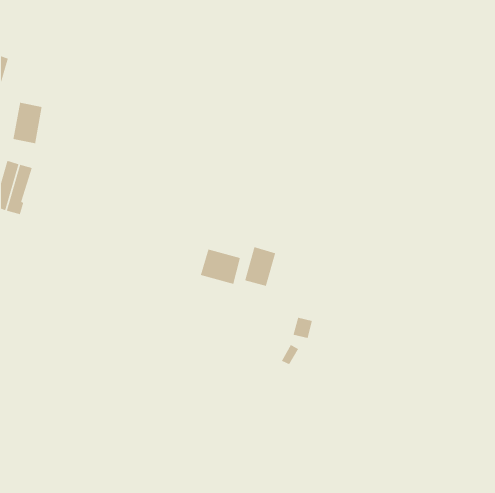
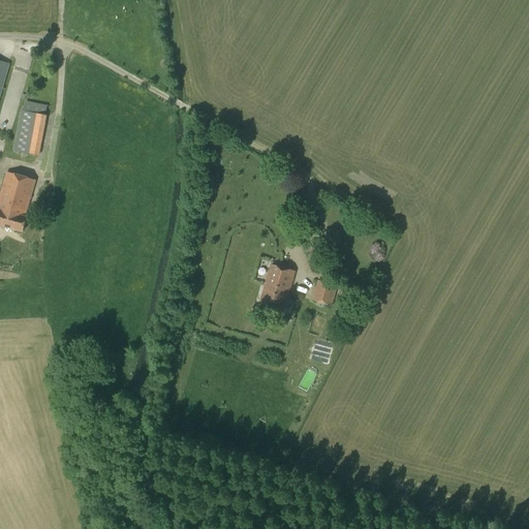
building: [200,249,241,285] -> none
building: none -> [312,278,338,305]

